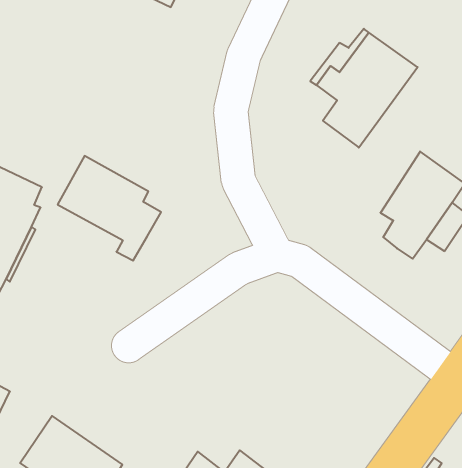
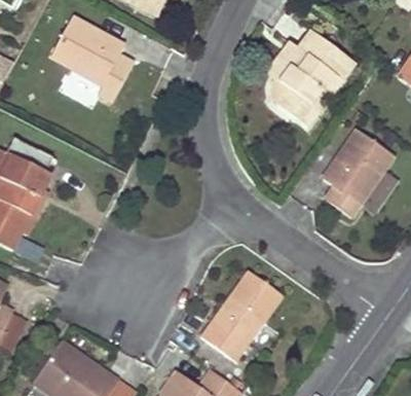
building: [58,156,161,261] -> [51,16,135,101]
building: none -> [201,268,284,361]

